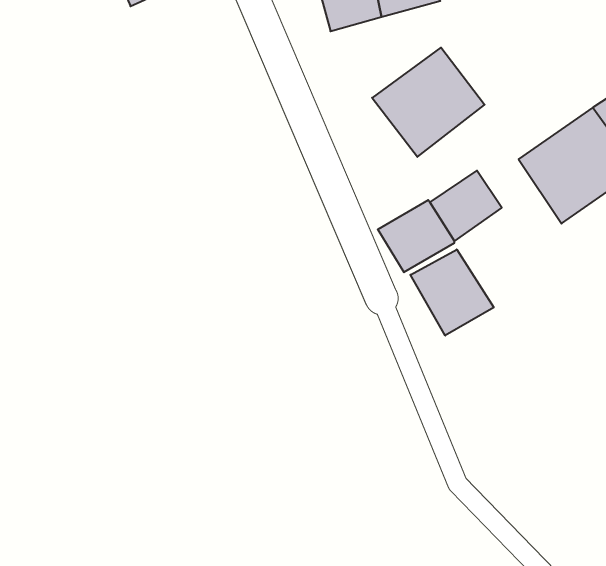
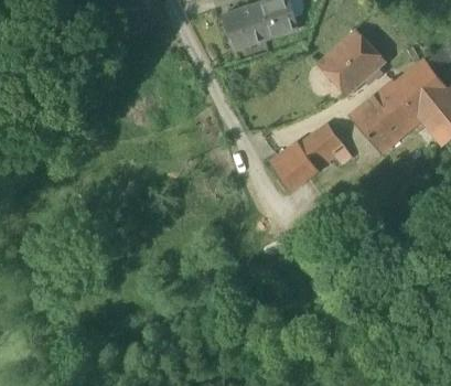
building: [372,48,485,157] -> [316,29,384,95]
building: [410,249,494,336] -> none

